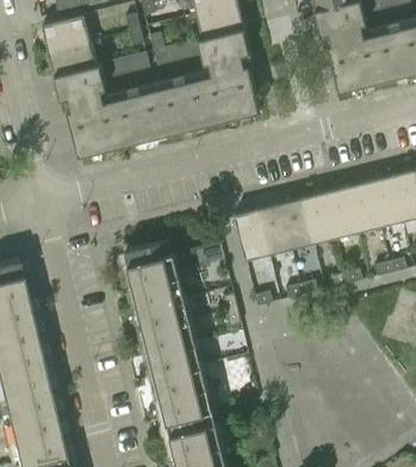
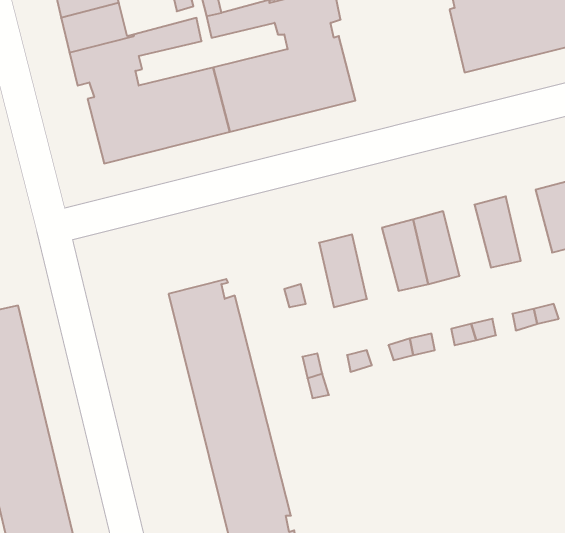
building: [370,177,403,228] -> none
building: [324,188,359,239] -> none
building: [259,204,292,256] -> none

